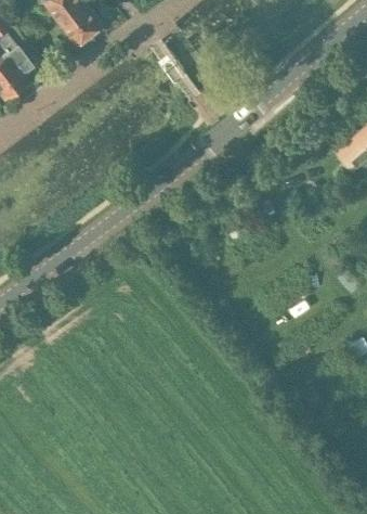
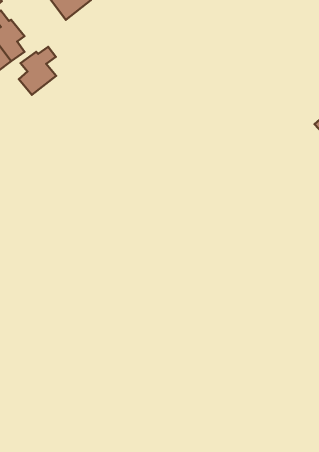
building: none -> [19,47,56,95]

